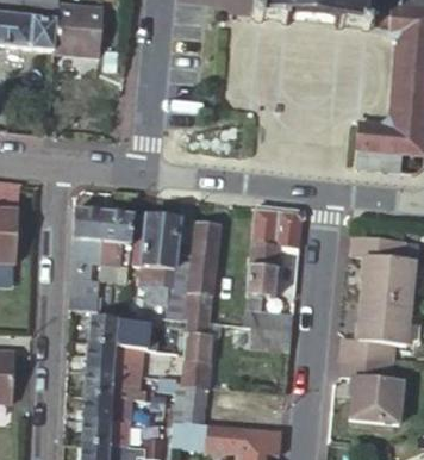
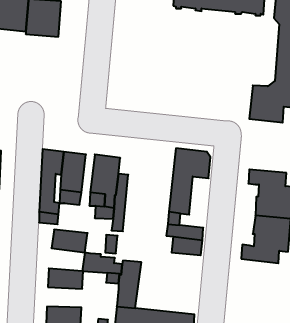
building: [185,222,220,360] -> none
building: [85,341,133,372] -> none
building: [342,355,405,423] -> none
building: [82,393,130,421] -> none

